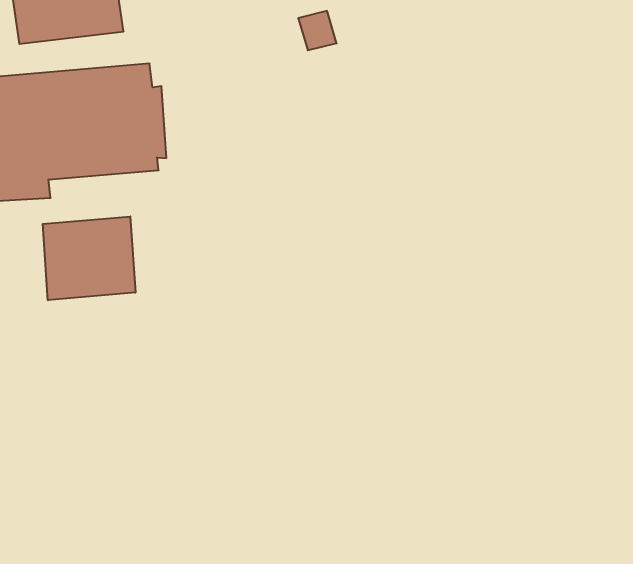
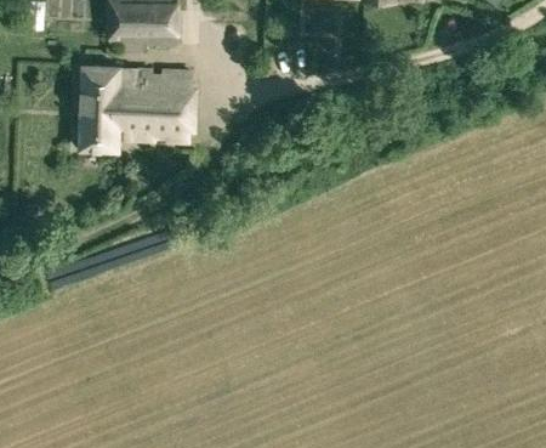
building: [43,216,135,300] -> none

